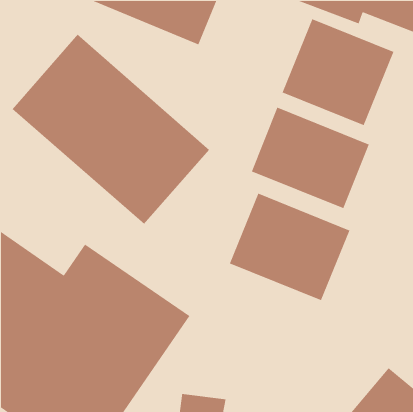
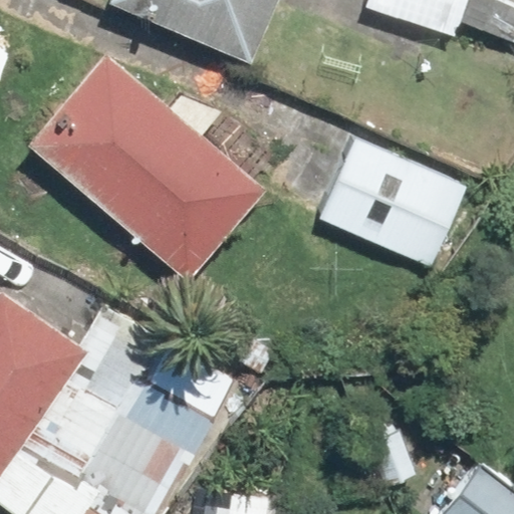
building: [281,18,394,126] -> none
building: [229,193,351,301] -> none

